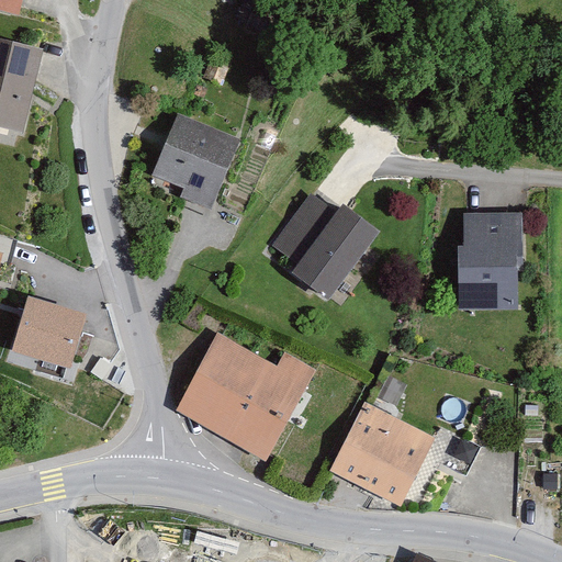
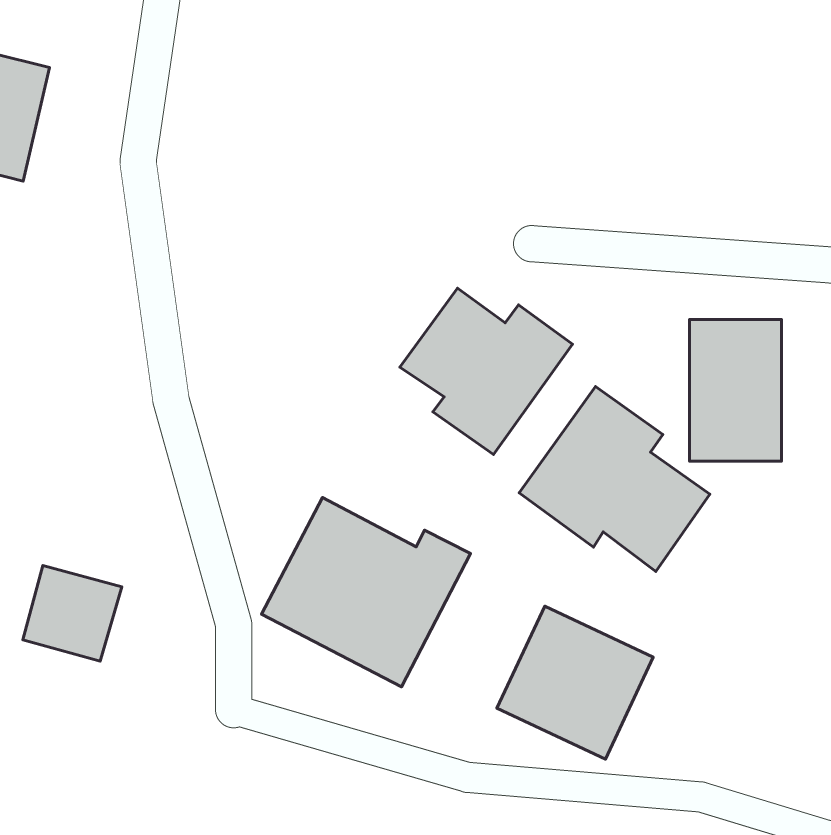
building: [153,115,241,210] -> none
building: none -> [519,387,710,572]
building: [10,292,76,356] -> [23,566,122,661]

